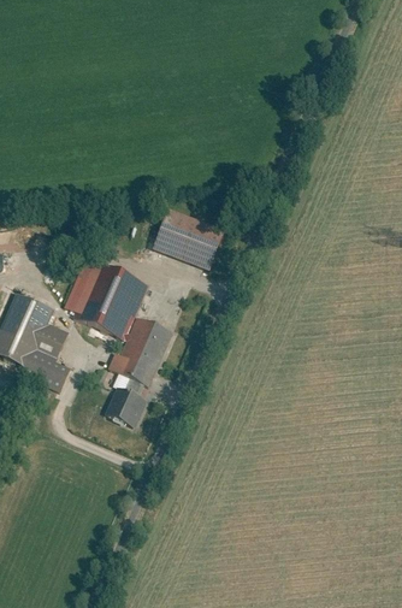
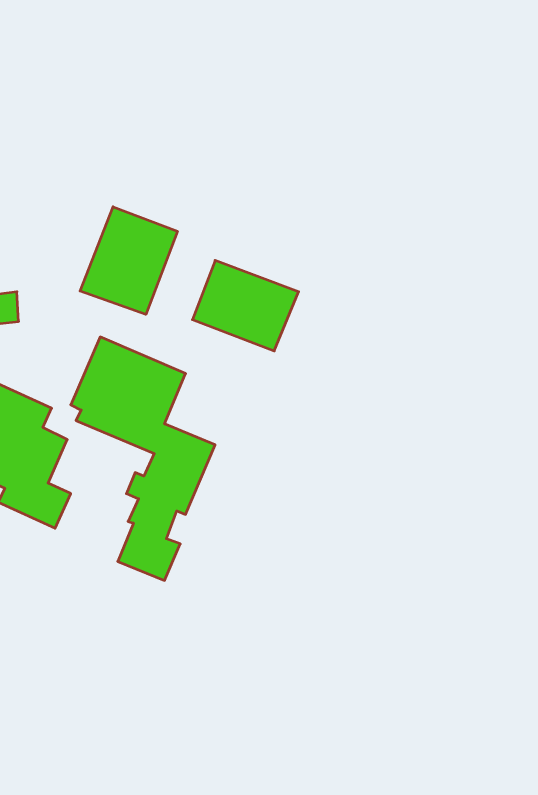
building: none -> [80,207,177,314]

